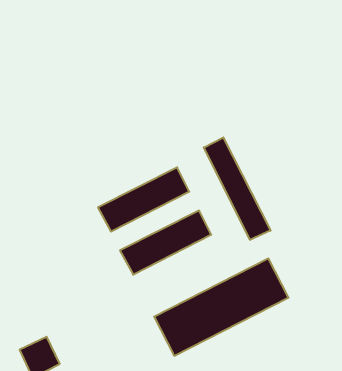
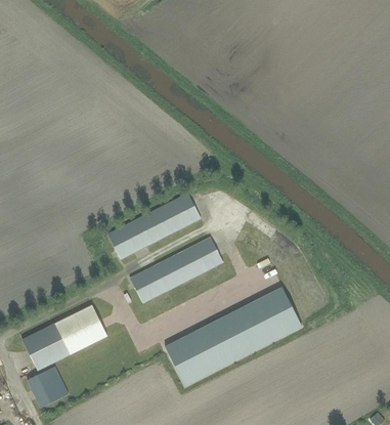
building: [204,137,271,240] -> none
building: none -> [21,306,106,371]

